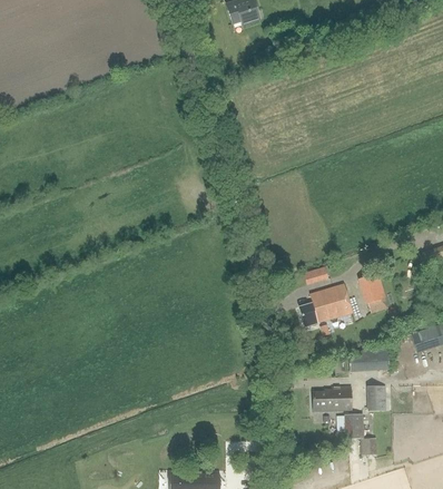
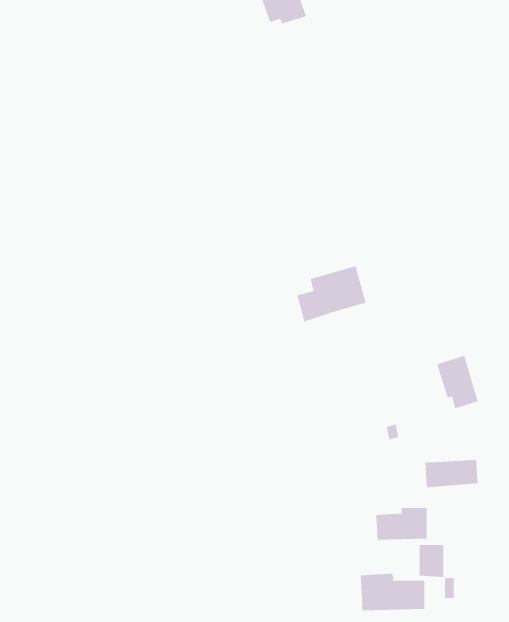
building: [299,284,352,326] -> [296,265,366,322]
building: [366,385,385,411] -> none
building: none -> [360,573,425,611]

